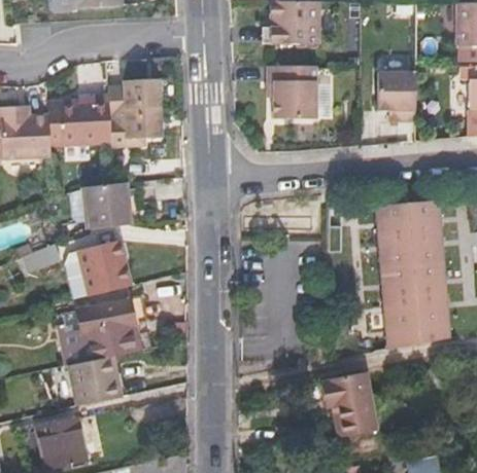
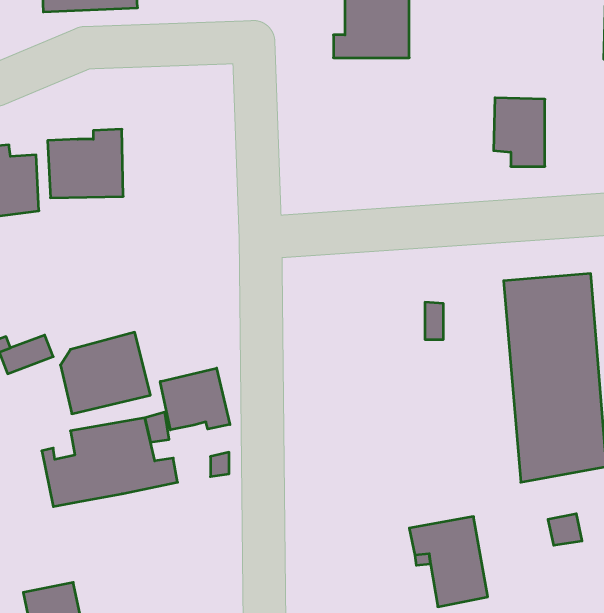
building: [269,66,317,118] -> none
building: [109,79,162,147] -> none
building: [72,183,126,228] -> none
building: none -> [160,368,230,430]
building: [68,357,118,406] -> none

